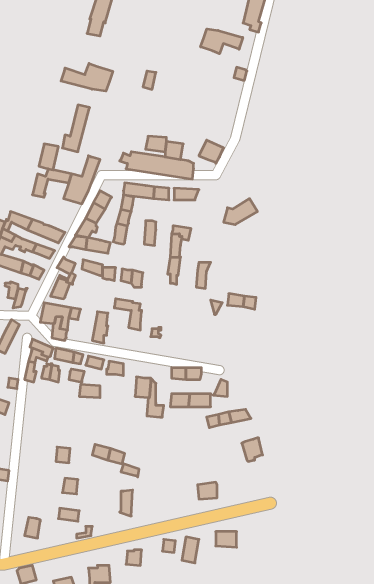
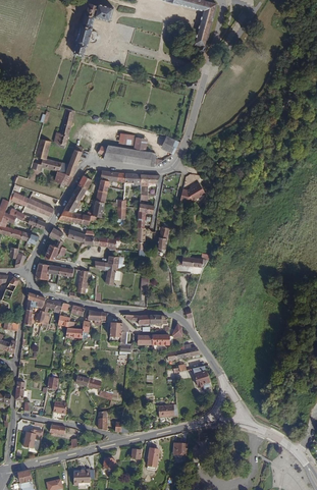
building: [201,29,243,54] -> none
building: [61,63,113,91] -> none

